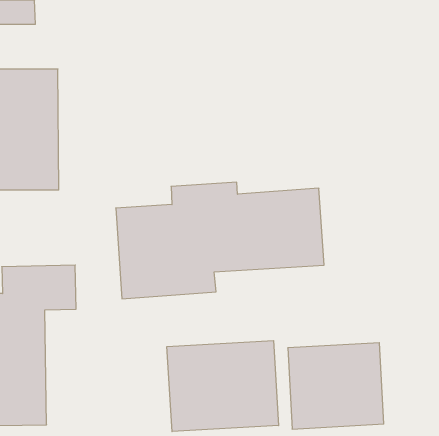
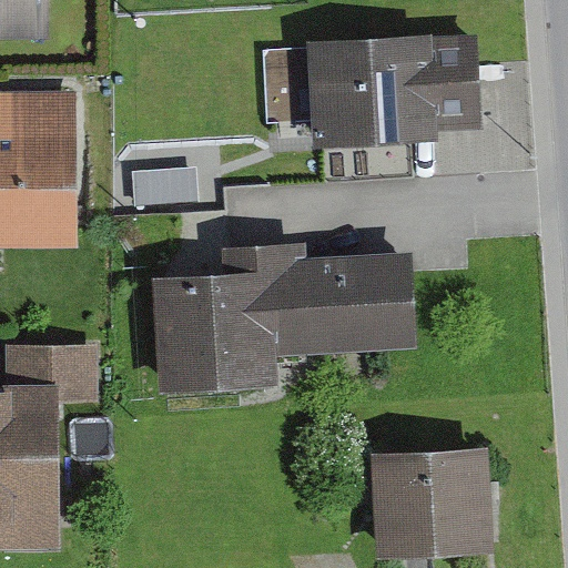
building: none -> [305,33,480,149]
building: [167,341,279,432] -> none

